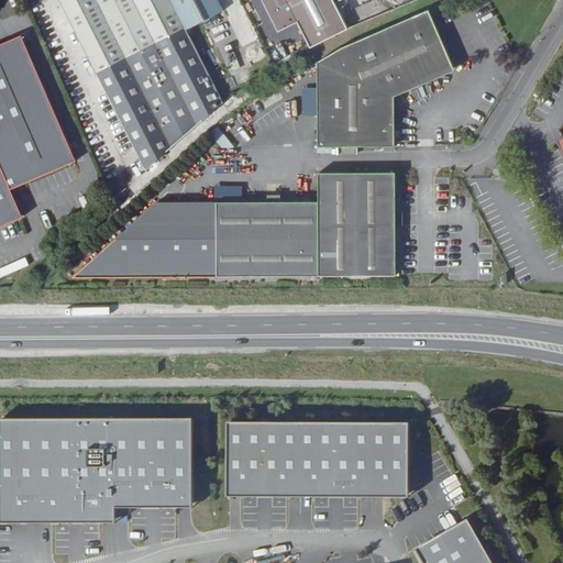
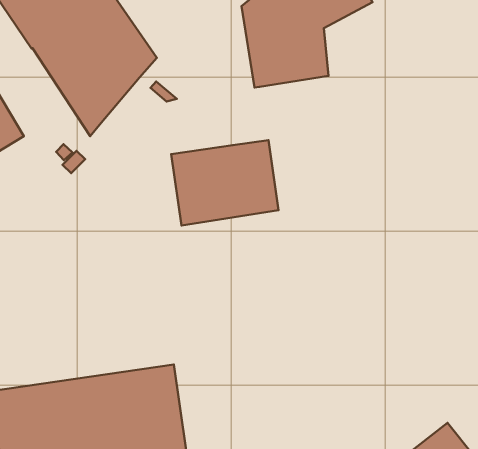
building: [322,178,401,276] -> none
building: [75,202,220,279] -> none
building: [224,422,406,492] -> none

